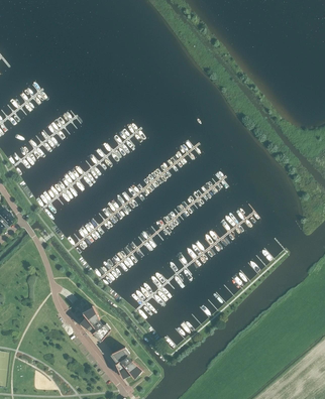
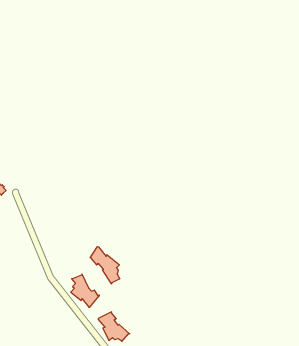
building: none -> [90,247,120,284]

